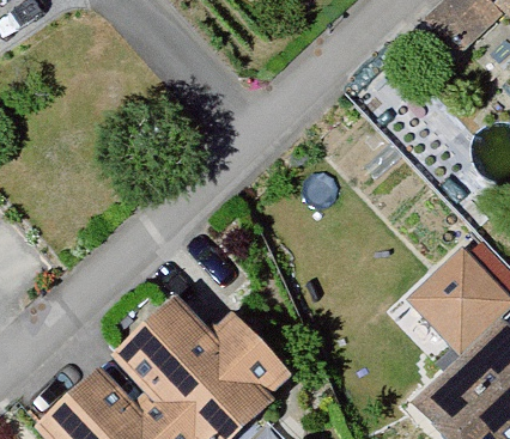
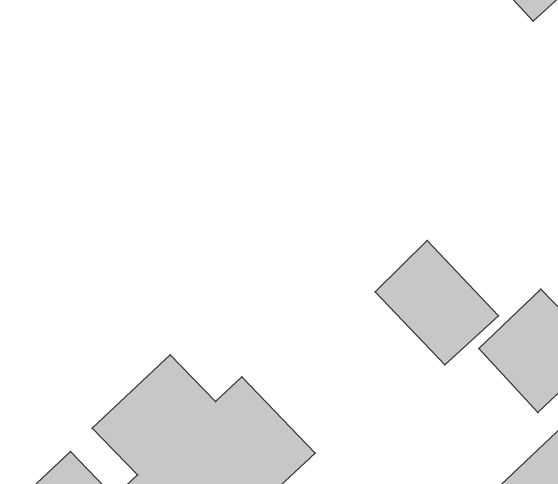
building: none -> [375,241,498,365]

